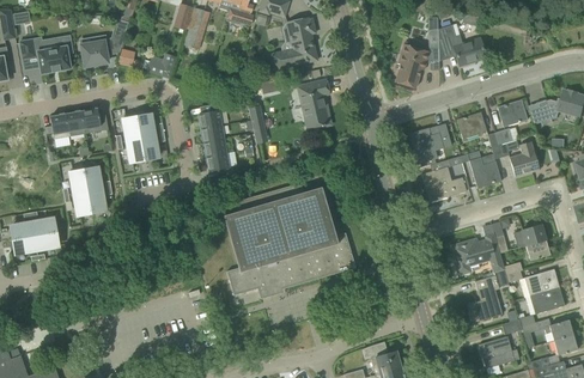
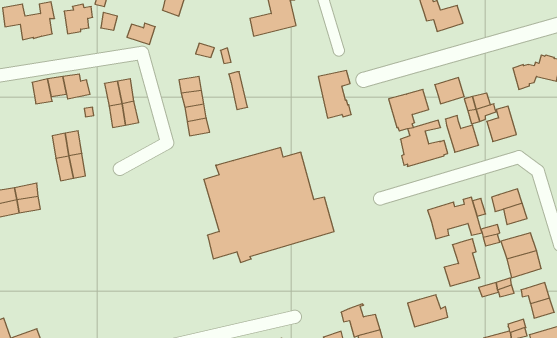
building: [395,42,440,89] -> none
building: [298,80,331,128] -> [318,71,351,118]
building: [498,99,528,127] -> none
building: [479,336,519,368] -> [408,295,448,327]

